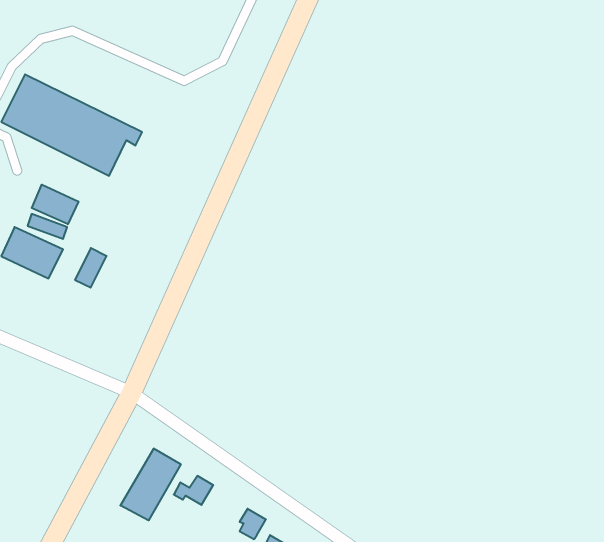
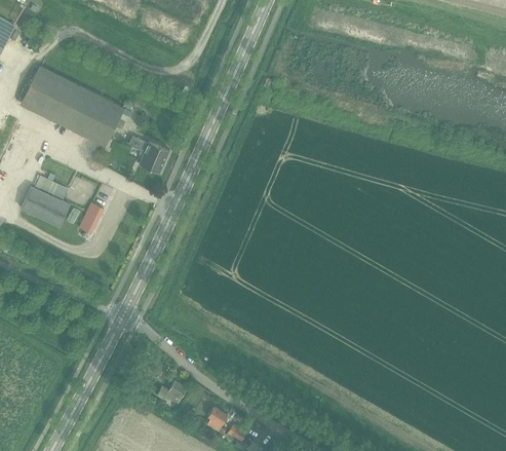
building: none -> [128,137,168,173]
building: [32,185,78,224] -> none
building: [120,448,181,520] -> none

